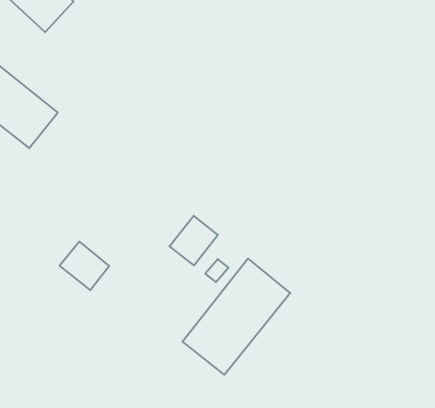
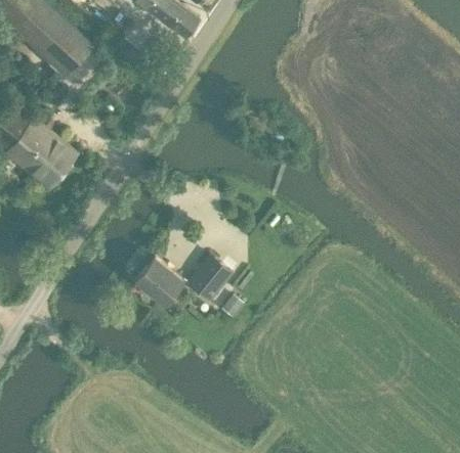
building: [60,242,109,290] -> [137,259,185,306]
building: [182,259,290,375] -> none

